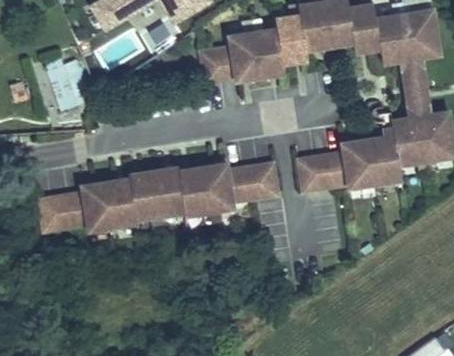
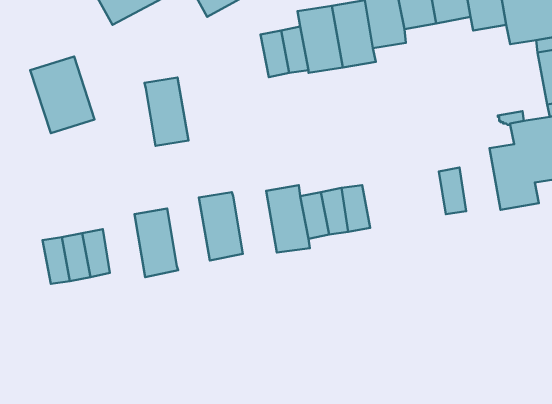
building: [344,135,376,184] -> none
building: [300,152,336,189] -> none
building: [181,166,213,216] -> none
building: [132,171,164,221] -> [145,77,188,146]
building: [84,183,117,233] -> none

